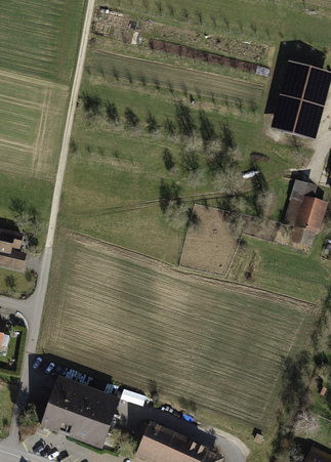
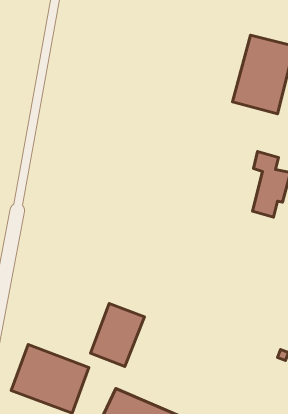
building: none -> [90,304,145,367]

